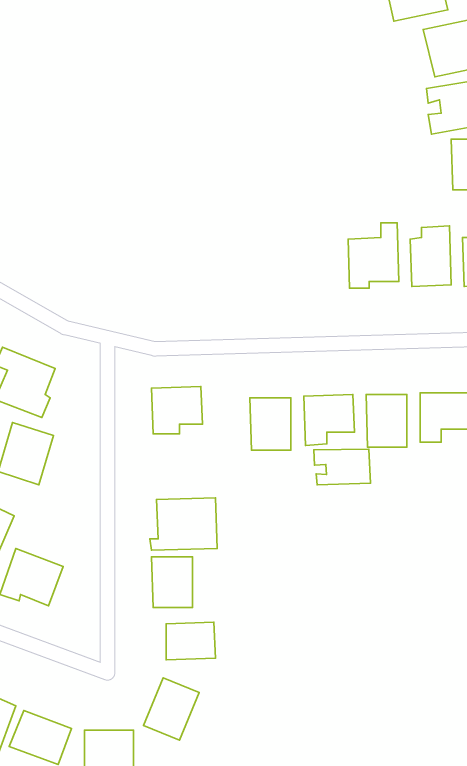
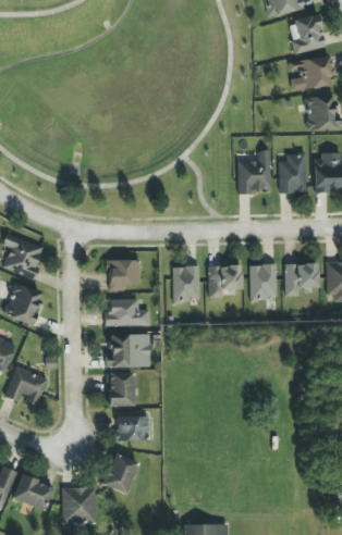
building: none -> [107,298,149,326]
building: [314,449,370,485] -> none

